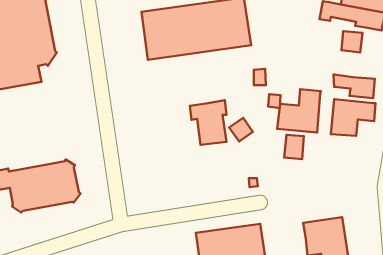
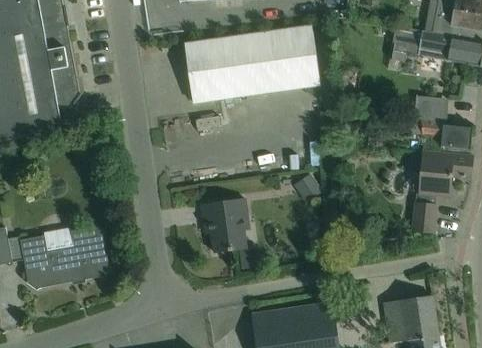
building: [341,31,363,52] -> [421,97,447,123]
building: [277,89,321,132] -> none
building: [190,100,226,145] -> [200,197,245,252]
building: [284,135,304,159] -> [411,202,435,232]

